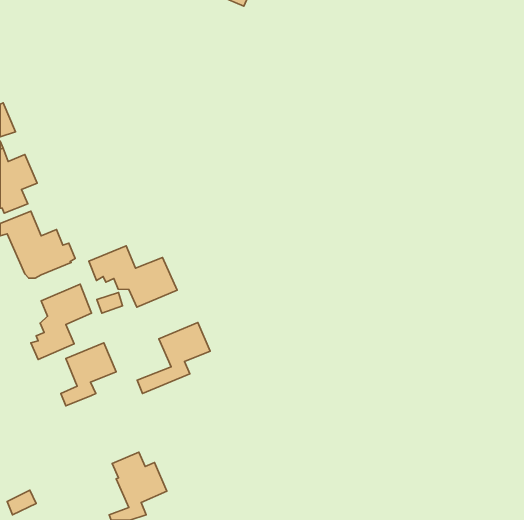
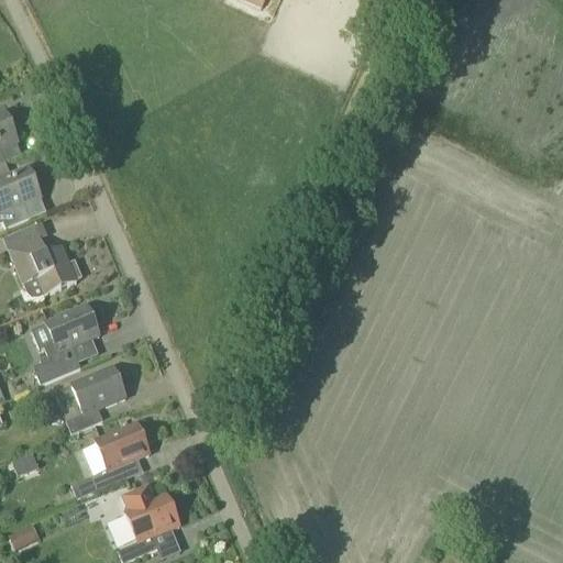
building: [89,246,177,307] -> none
building: [137,322,210,394] -> [73,422,151,498]

